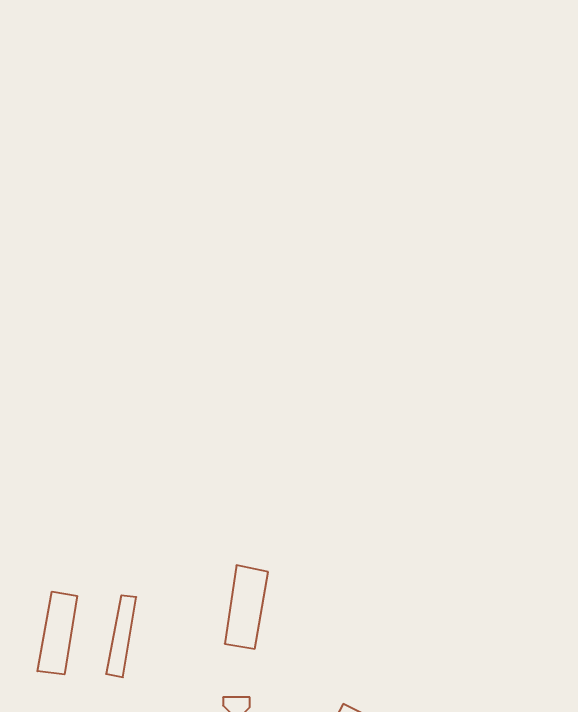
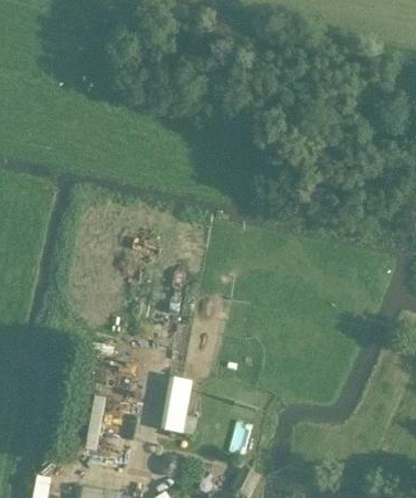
building: [37,592,77,674] -> none

